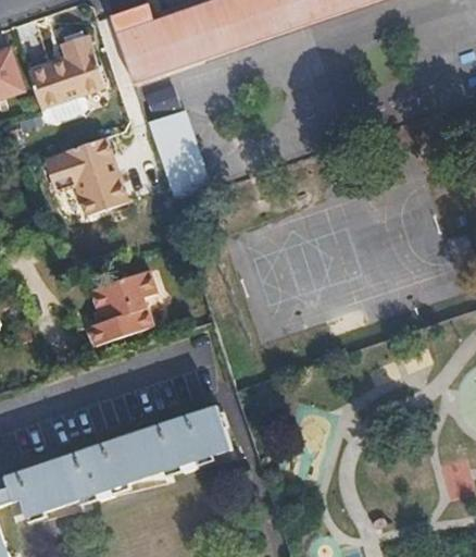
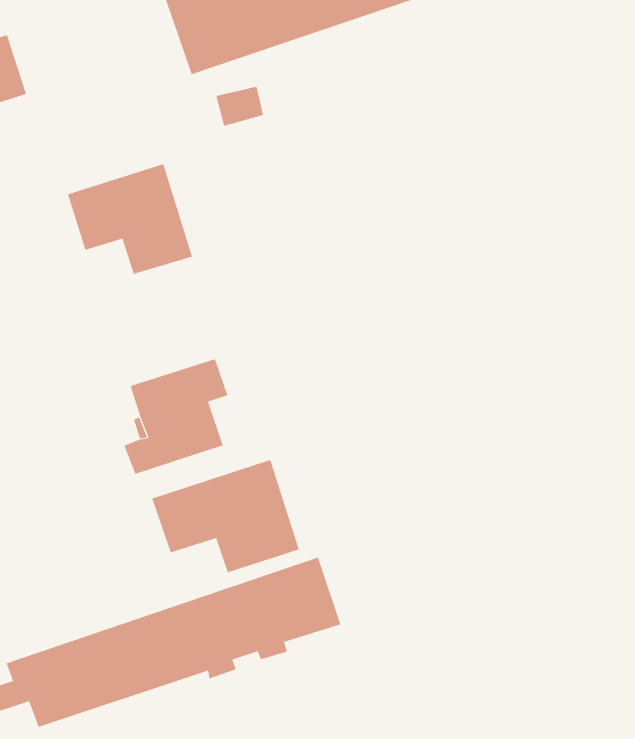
building: [29,33,103,111] -> none
building: [148,113,208,202] -> none
building: none -> [151,459,299,573]

